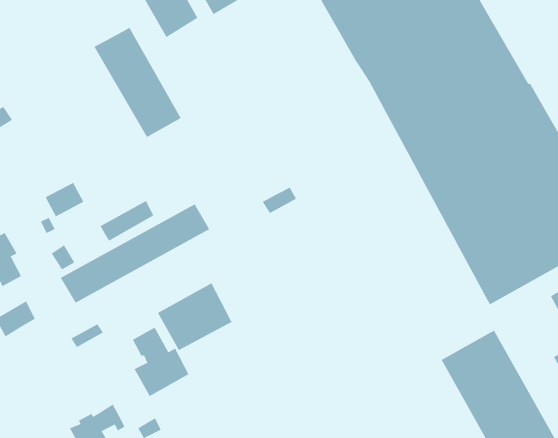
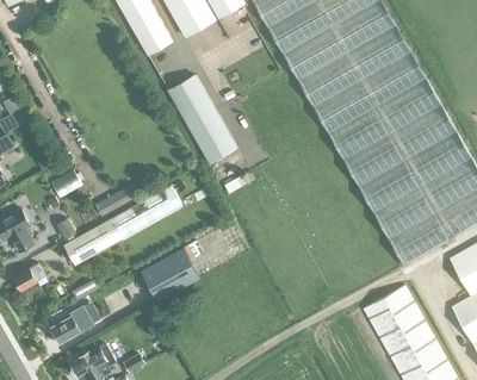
building: [93,27,181,138] -> [168,76,237,163]
building: [132,327,189,397] -> none
building: none -> [50,307,83,344]

